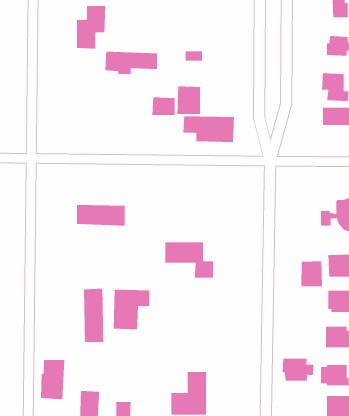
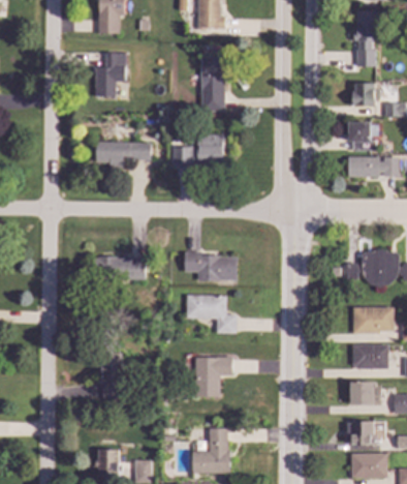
building: none -> [200,56,225,92]
building: [104,51,158,75] -> [96,141,151,165]
building: [183,116,235,143] -> [184,253,238,281]
building: [301,261,323,287] -> none
building: [113,289,150,330] -> [194,356,232,398]
building: [282,358,314,381] -> none
building: [40,359,65,400] -> none

